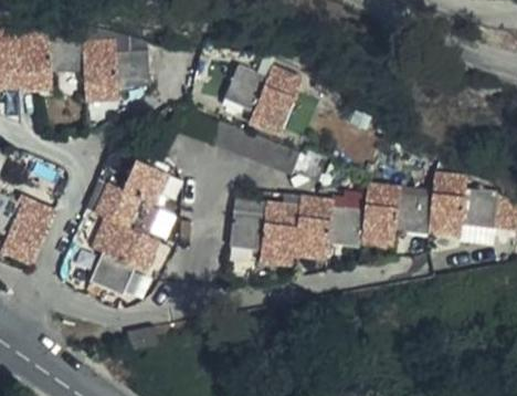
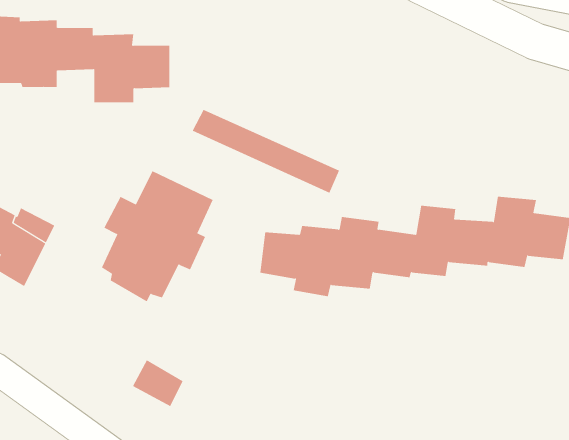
building: [223,65,303,133] -> none
building: [85,250,129,291] -> [132,359,183,407]

